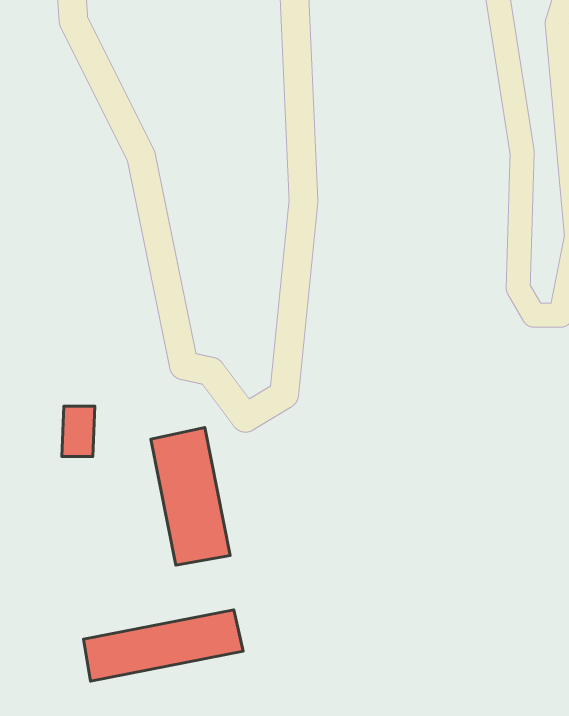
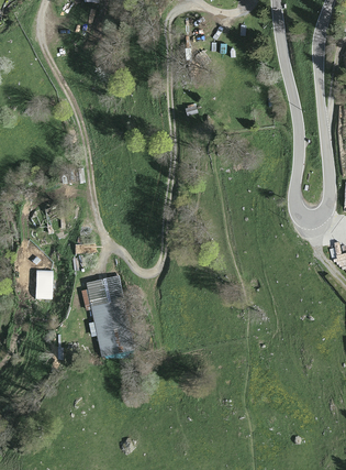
building: [83,610,243,681] -> none

